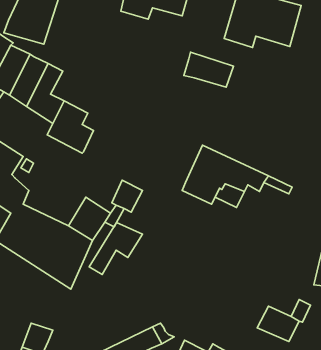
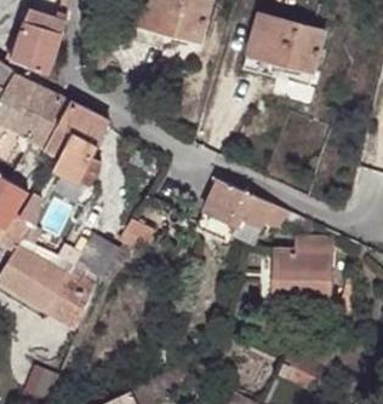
building: [184,52,233,87] -> none
building: none -> [56,100,108,145]
building: none -> [274,237,331,307]
building: [89,223,143,274] -> none

